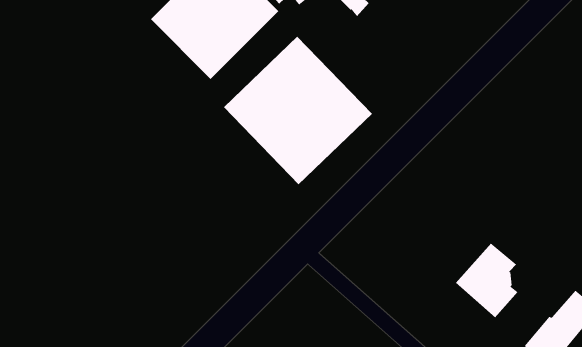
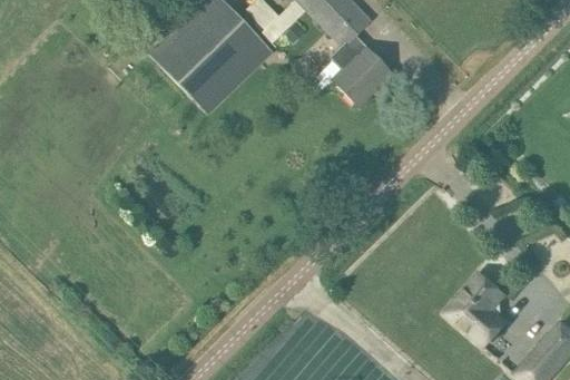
building: none -> [332,47,391,106]
building: [223,36,373,185] -> none

